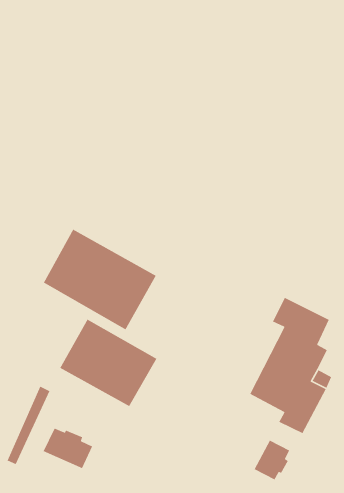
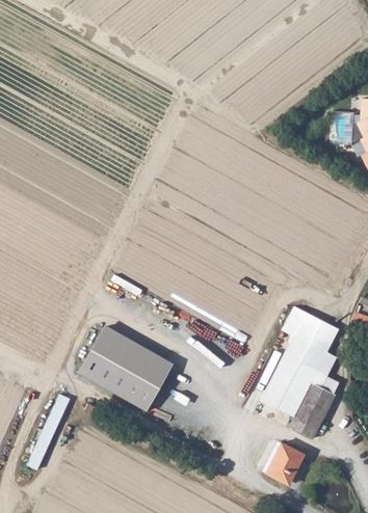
building: [43,229,157,330] -> none
building: [43,428,93,469] -> none

